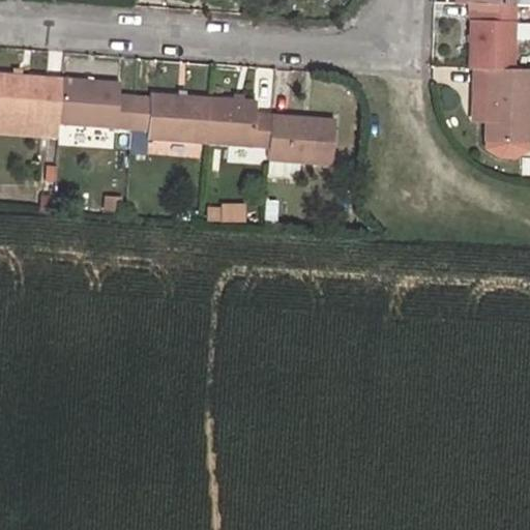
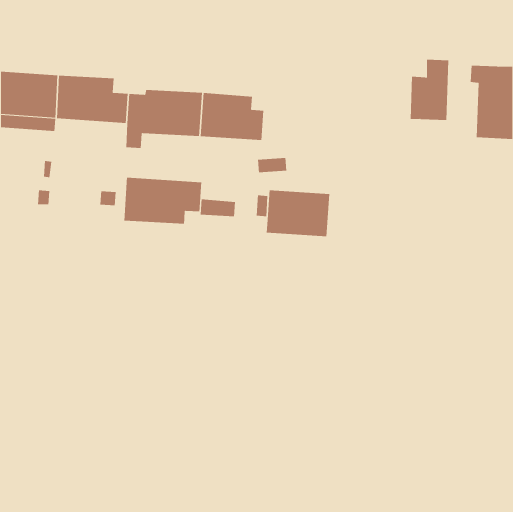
building: [475,6,516,69] -> [410,59,449,120]
building: [269,115,335,164] -> [266,190,330,237]
building: none -> [124,177,202,224]

